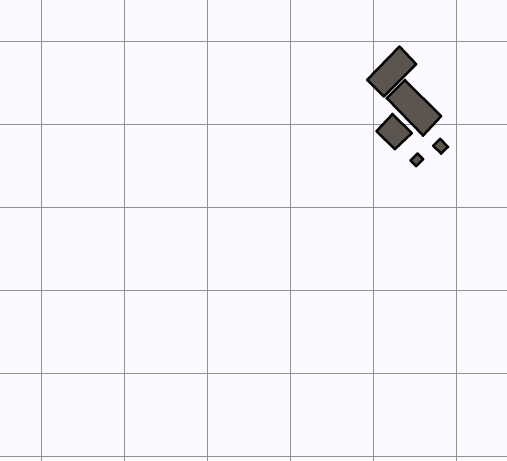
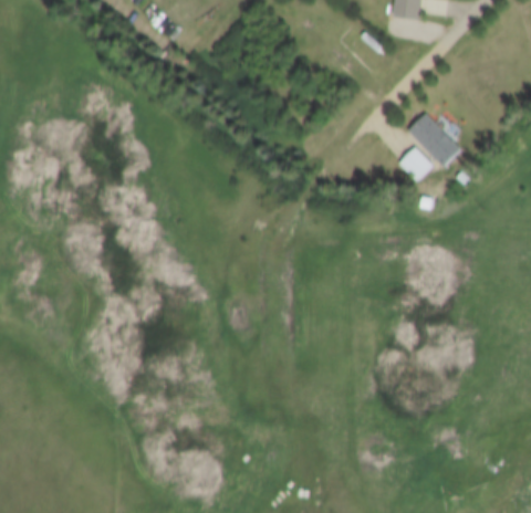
building: [367,47,416,96] -> none

